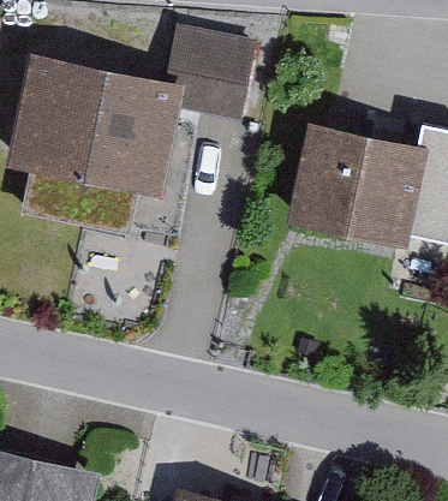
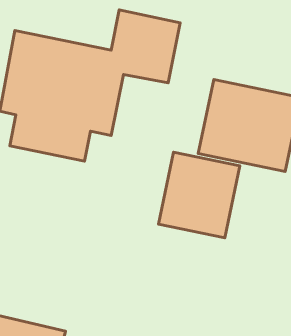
building: none -> [159,152,240,238]

